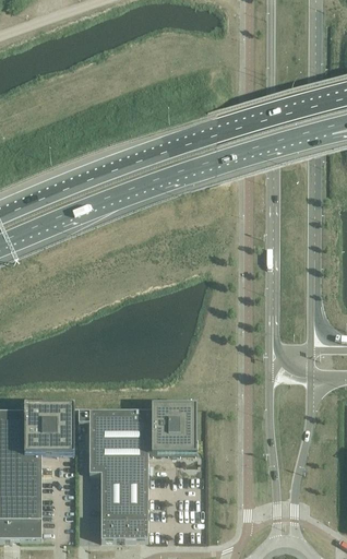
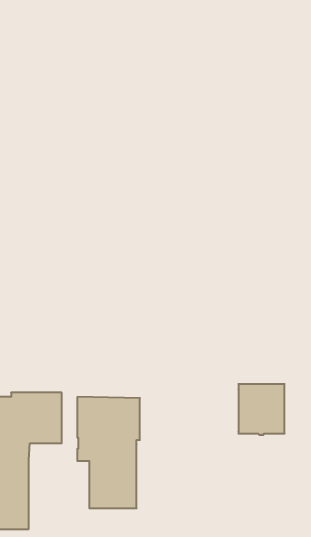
building: [151,403,196,453] -> [238,384,285,435]
building: [100,518,147,538] -> none

